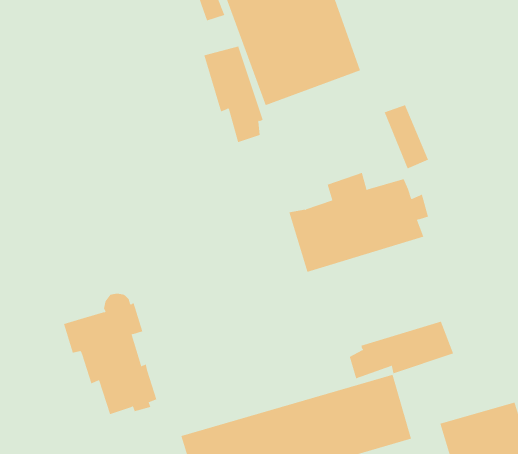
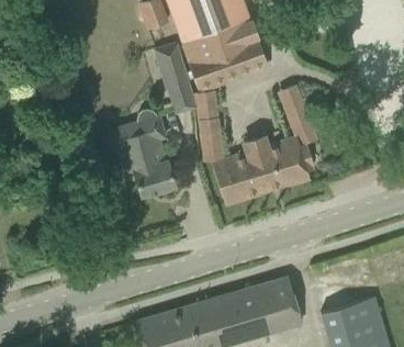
building: none -> [194,92,226,163]
building: [63,293,157,415] -> [110,110,177,197]
building: [349,321,454,379] -> none

